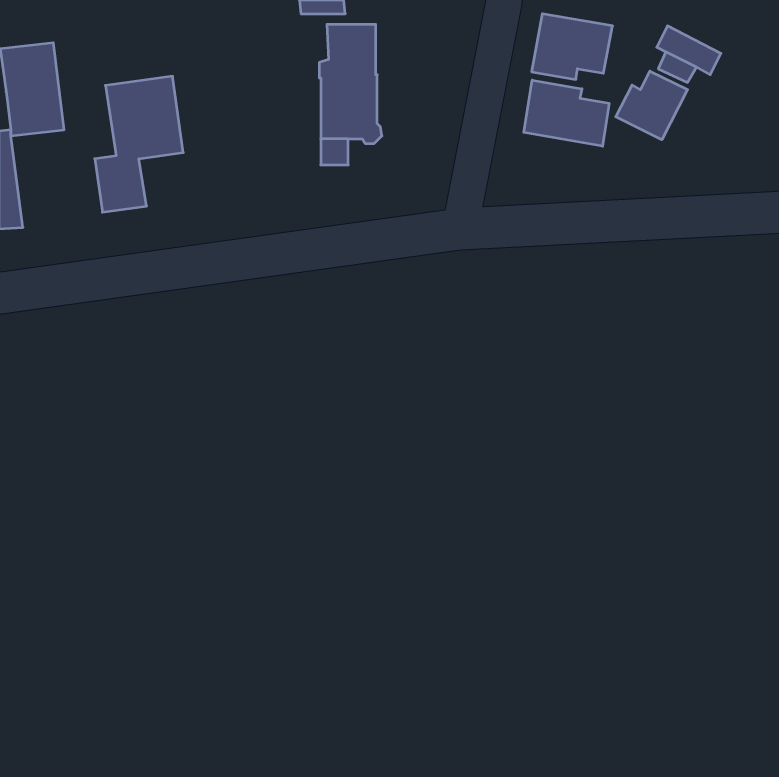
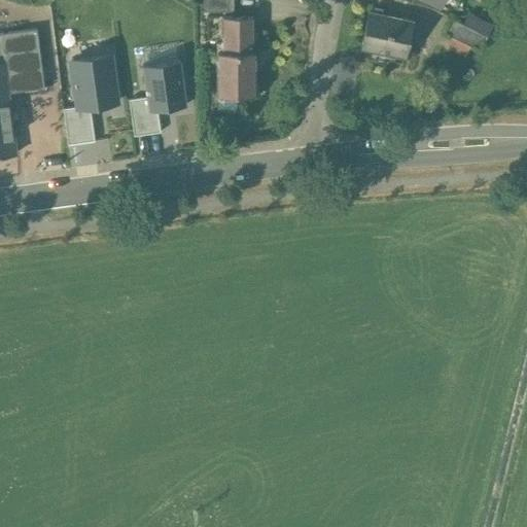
building: [616,71,688,140] -> none
building: [524,80,609,146] -> none
building: none -> [132,62,182,134]

